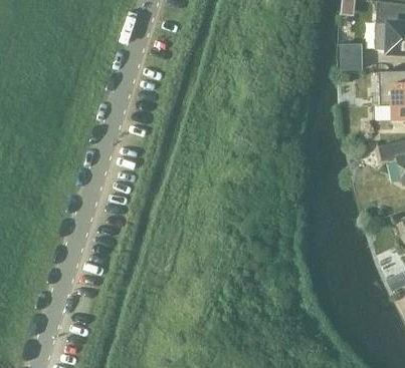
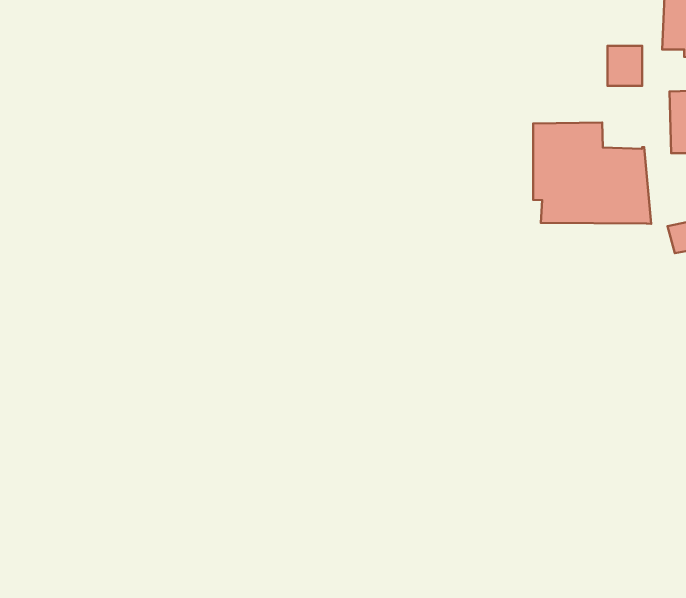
building: none -> [533,123,651,224]

